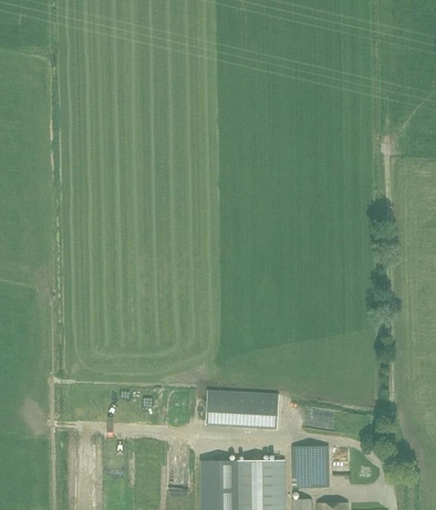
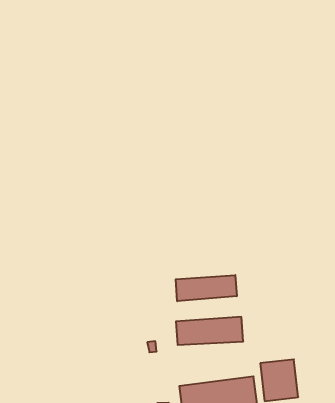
building: none -> [176,275,237,301]

